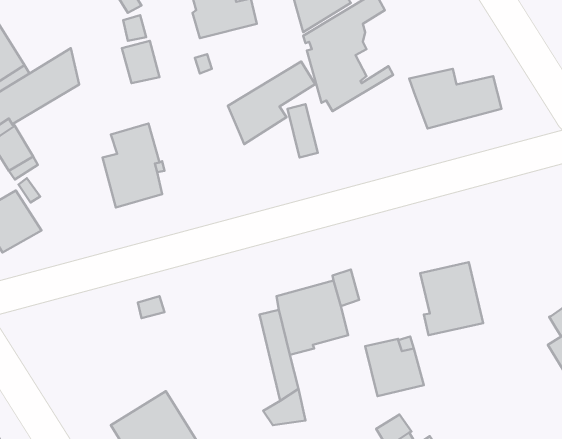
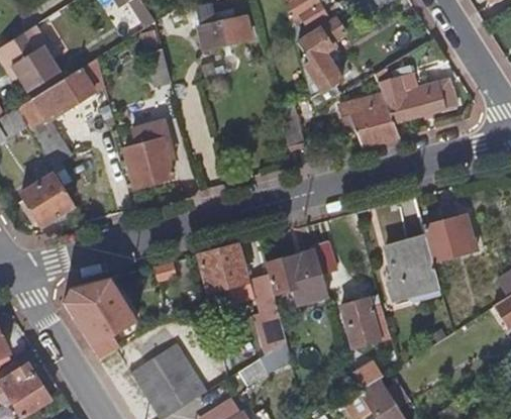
building: [228,62,315,144] -> none
building: none -> [339,93,399,147]
building: none -> [426,214,480,259]
building: none -> [200,241,251,302]
building: none -> [63,277,134,357]

